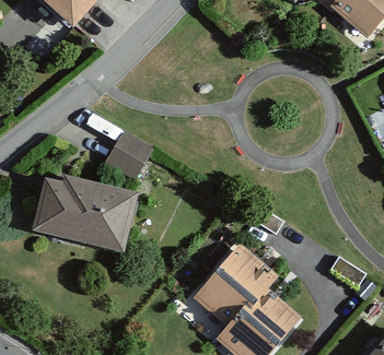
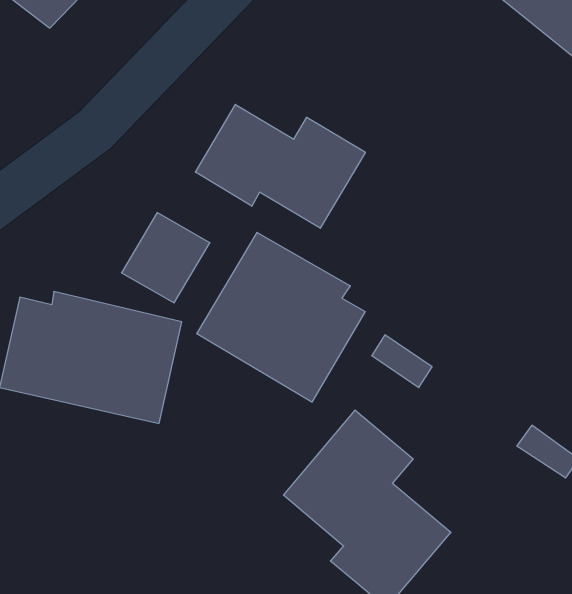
building: none -> [195,104,365,228]
building: none -> [197,232,365,402]

